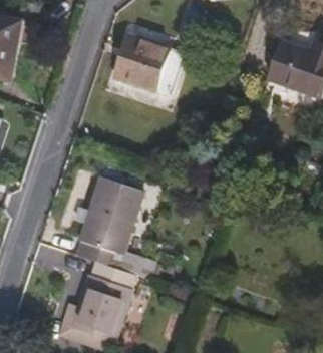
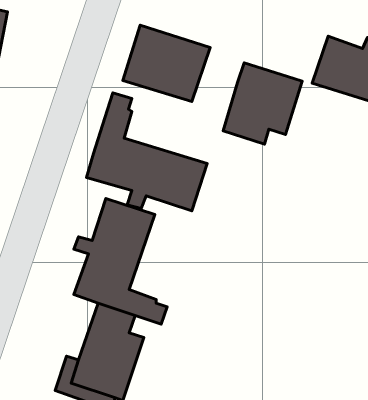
building: none -> [223,63,302,144]
building: none -> [86,93,207,211]

